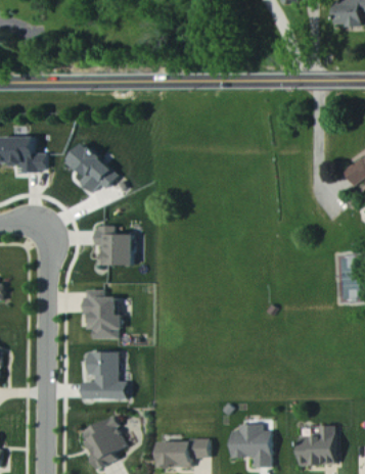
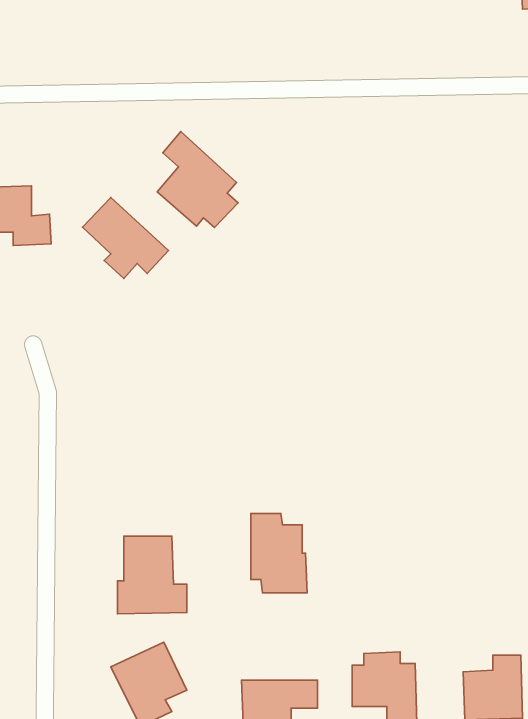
building: none -> [157,132,238,227]
building: [94,225,132,265] -> none
building: [85,289,120,338] -> [251,513,307,593]

